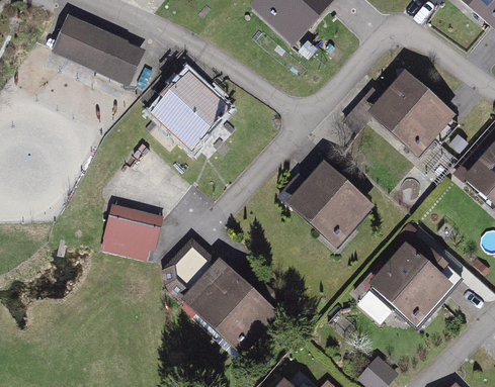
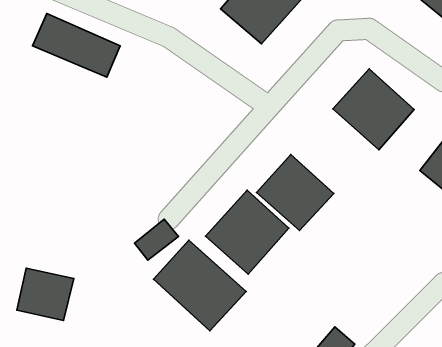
building: [151,73,227,148] -> none
building: none -> [206,190,289,274]
building: [99,204,160,260] -> [17,268,74,321]
building: [370,233,463,315] -> none

